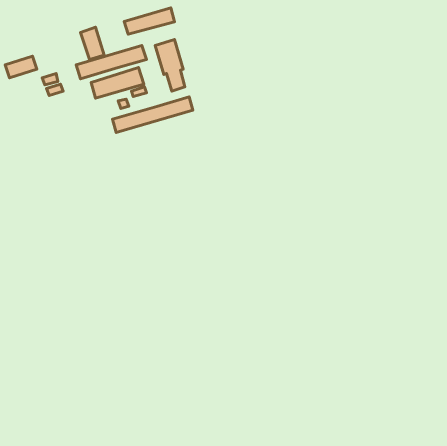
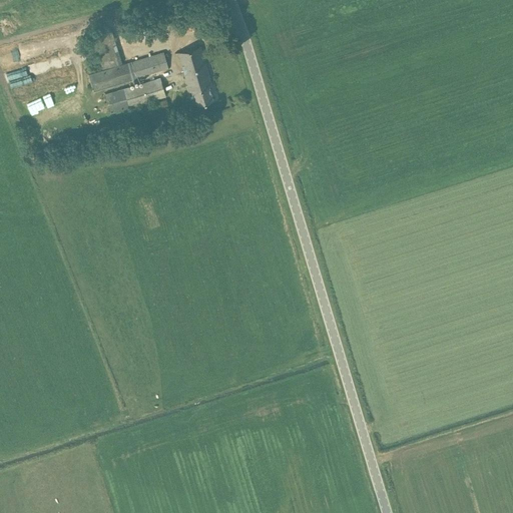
building: [124,8,175,34] -> none
building: [112,97,193,133] -> none

